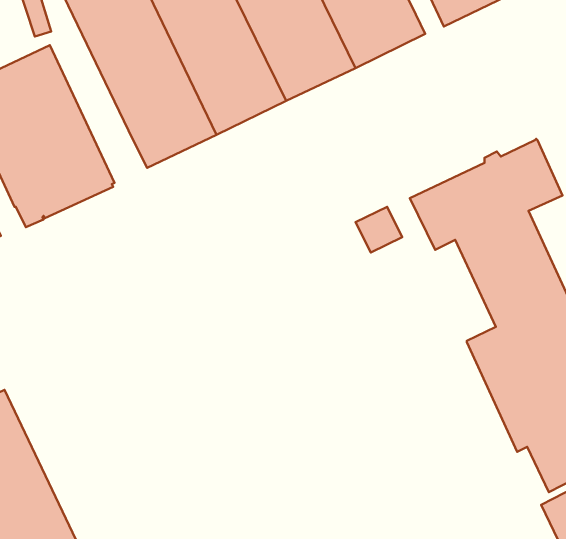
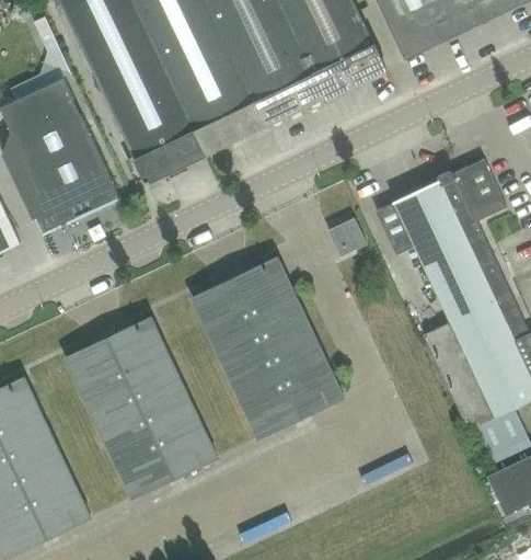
building: none -> [192,255,344,437]
building: none -> [65,316,218,499]

